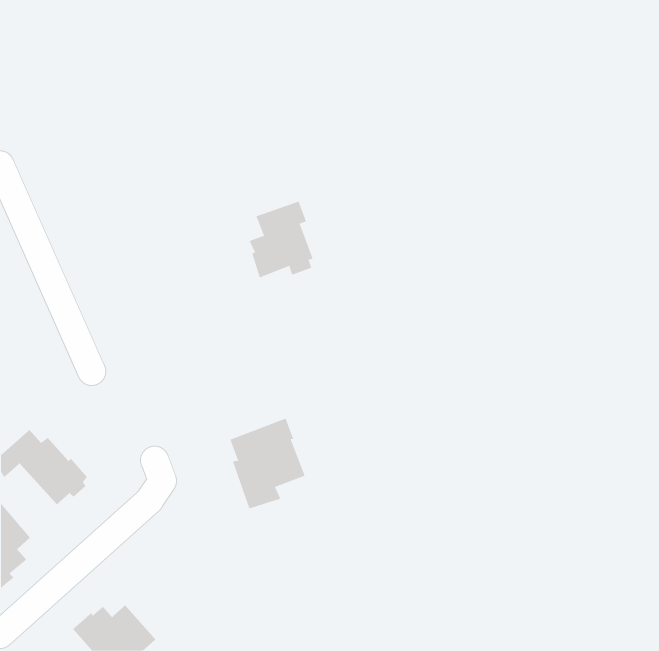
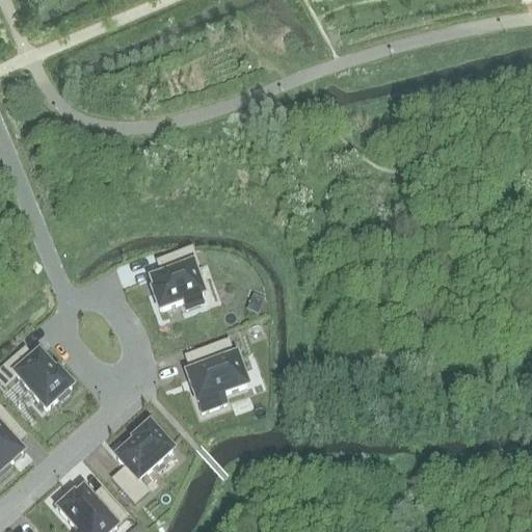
building: [249,201,313,278] -> [151,246,203,309]
building: none -> [111,424,171,502]

